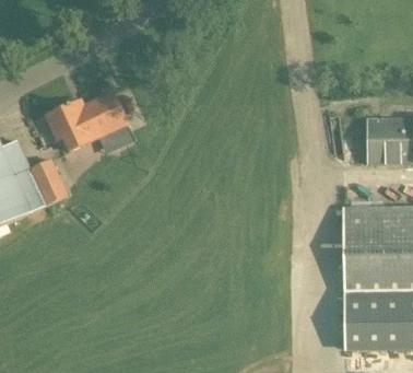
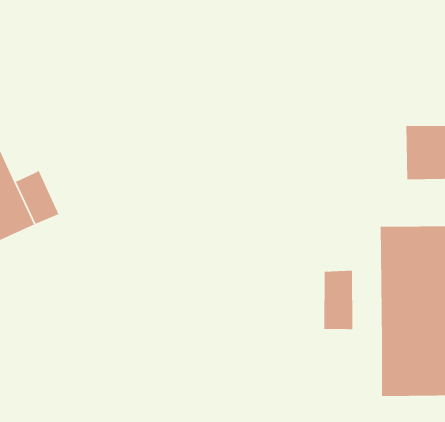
building: [47,91,128,152] -> none
building: none -> [324,270,353,330]

